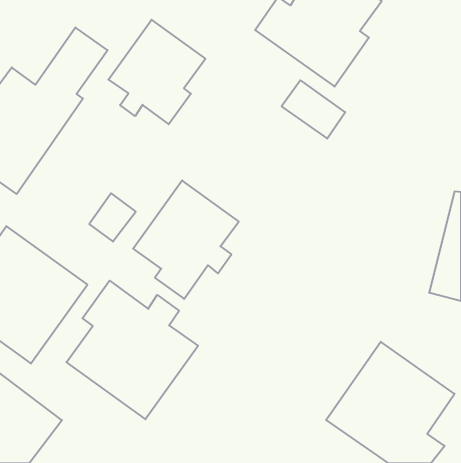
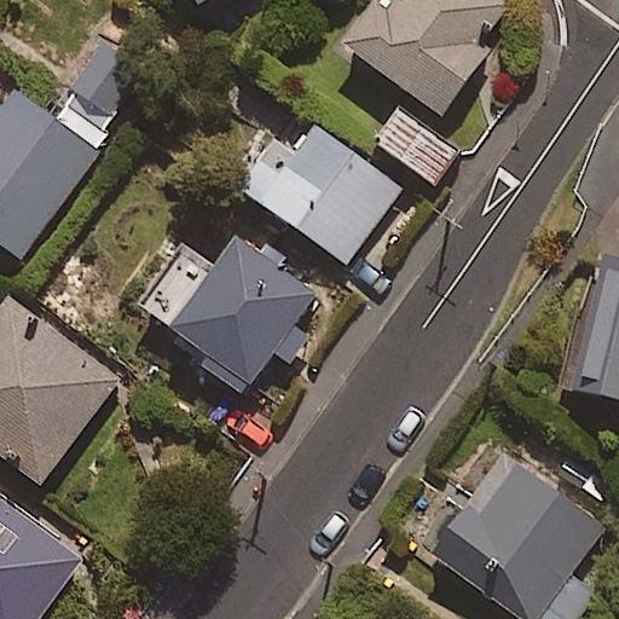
building: [108,20,205,124] -> none
building: none -> [244,125,399,262]
building: [66,281,198,419] -> none

